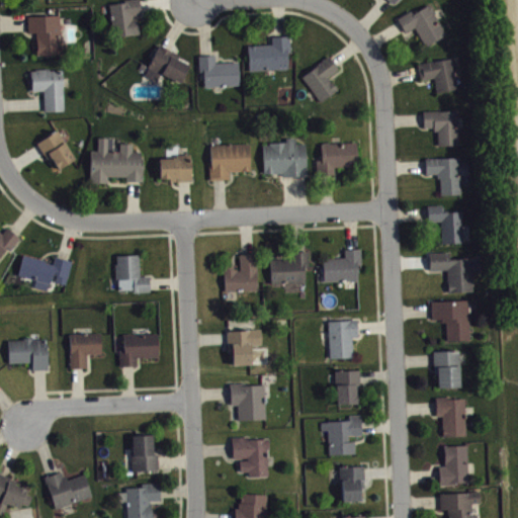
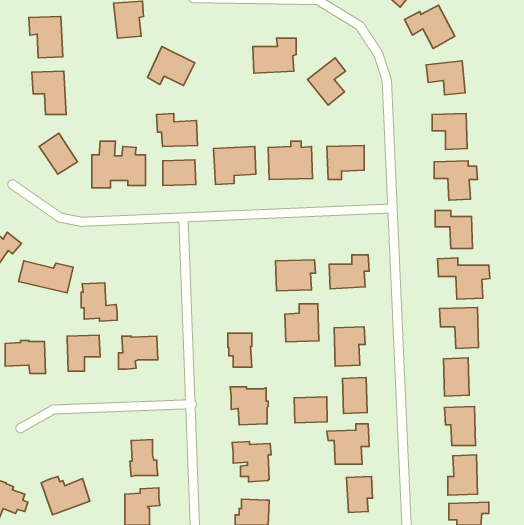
building: [198,56,239,88] -> [156,113,198,146]
building: [111,251,147,288] -> [81,283,117,321]
building: [224,255,257,292] -> [285,304,319,342]
building: none -> [294,397,327,423]

